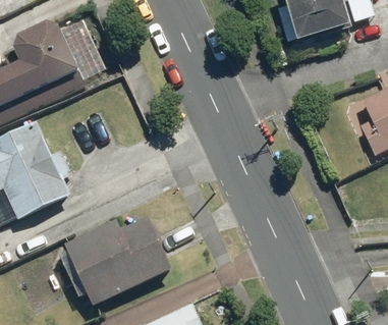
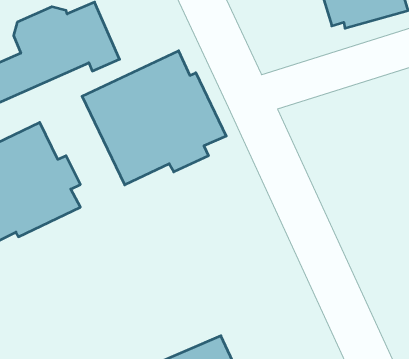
building: none -> [82,51,226,185]
building: [58,217,172,305] -> none

